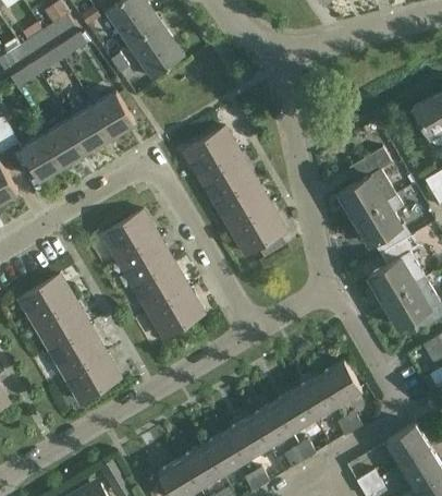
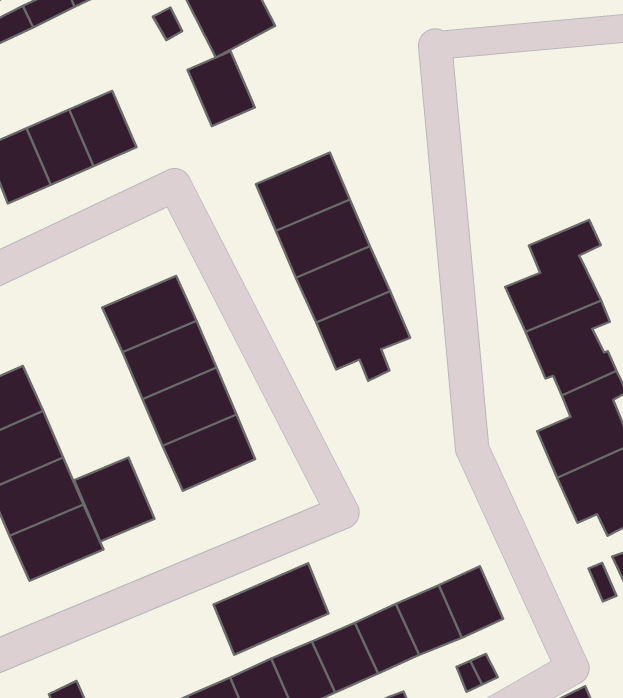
building: [93,93,135,138] -> [188,51,255,126]
building: none -> [74,457,154,542]
building: none -> [214,563,329,655]

